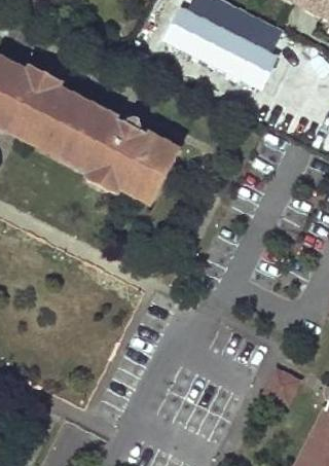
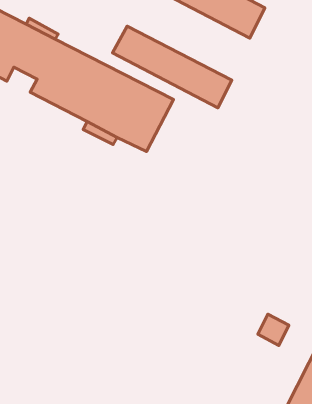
building: none -> [112,26,232,108]

